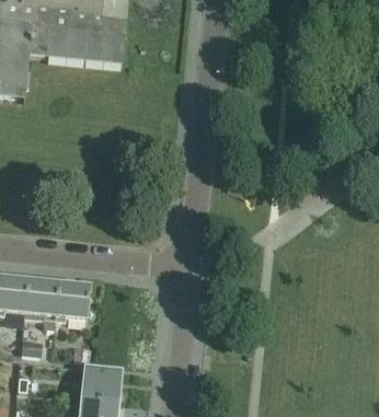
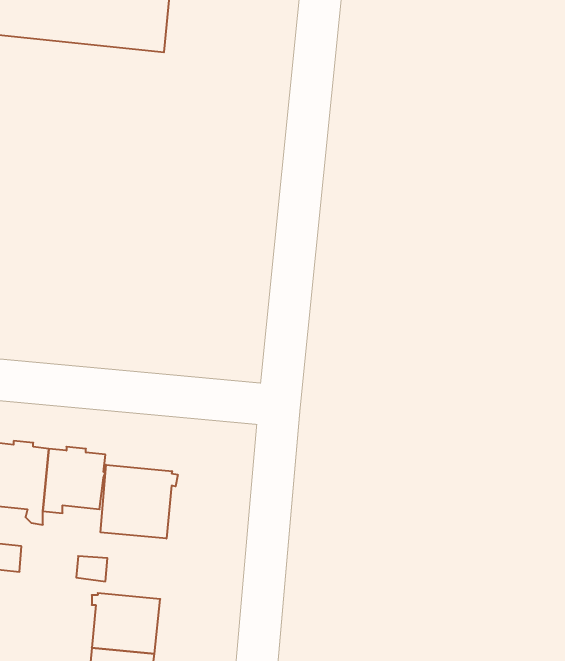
building: none -> [101,465,178,539]

